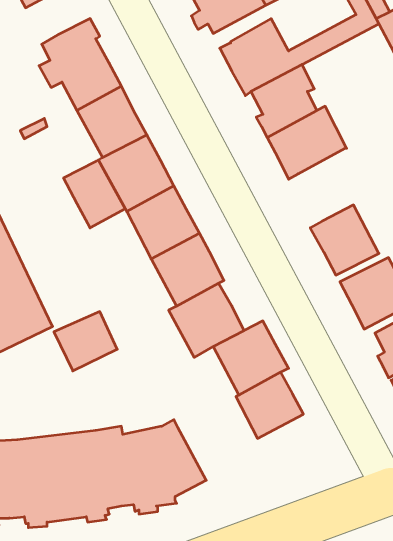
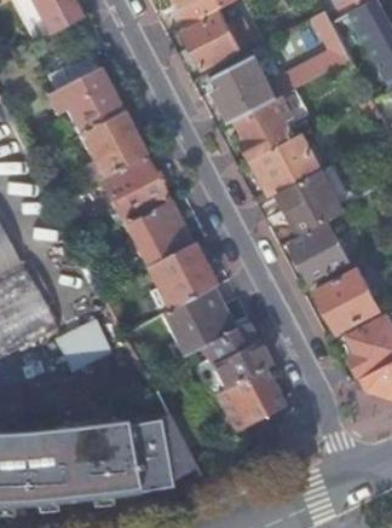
building: none -> [278,169,342,234]
building: [64,160,125,228] -> none

